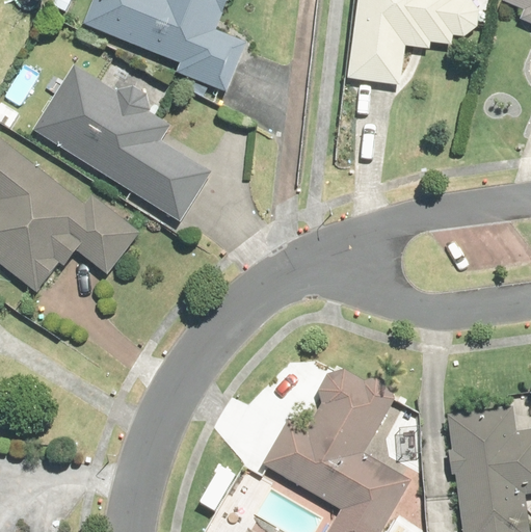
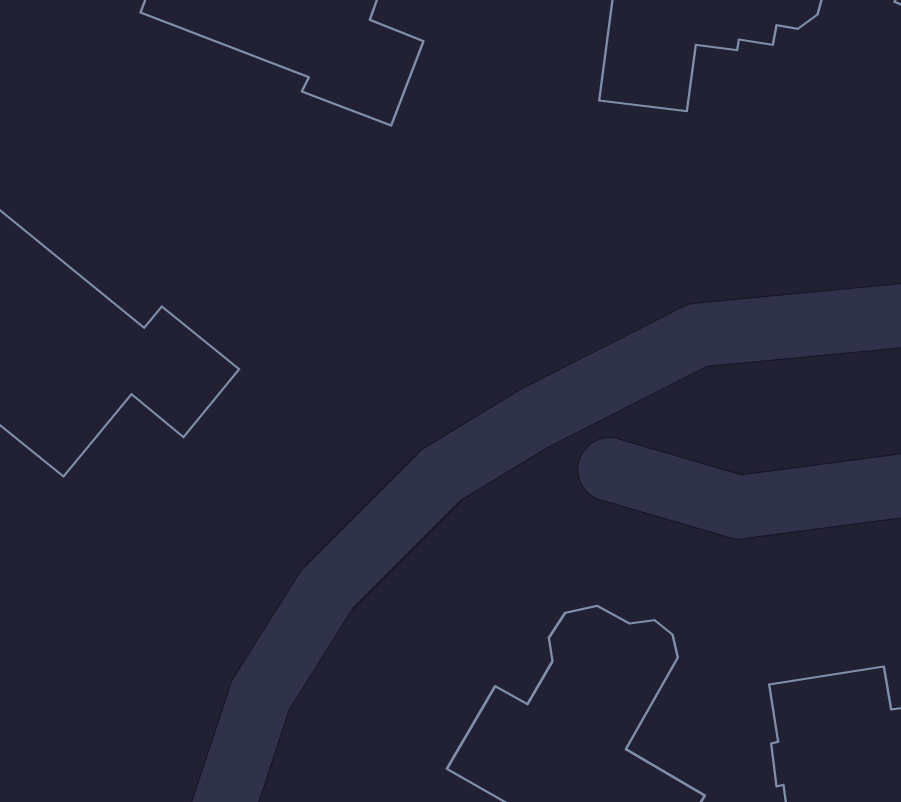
building: [32,64,214,223] -> none

